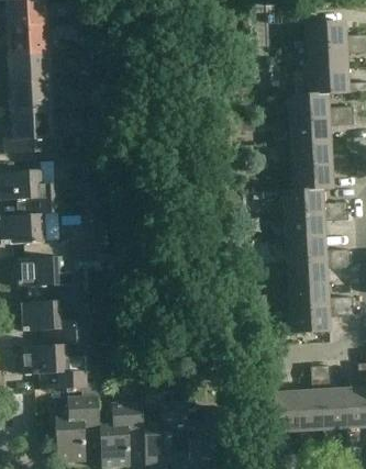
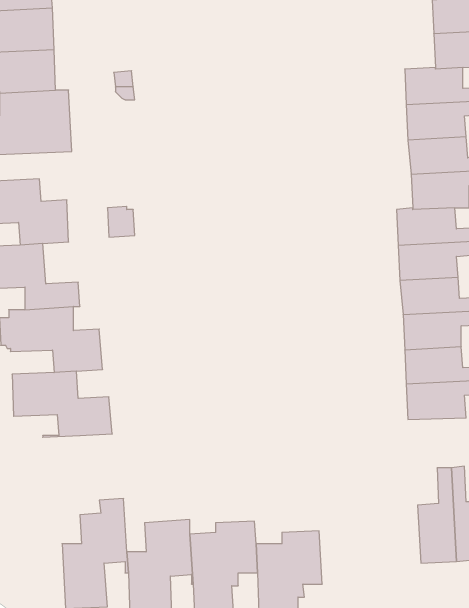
building: [23,345,97,390] -> none
building: [271,369,299,433] -> none

